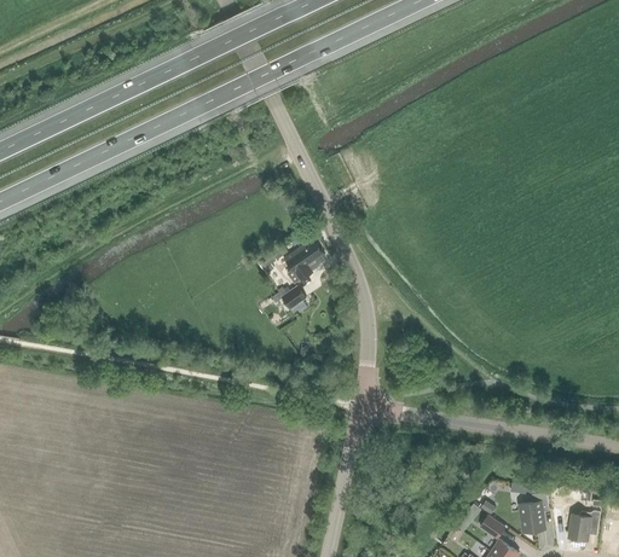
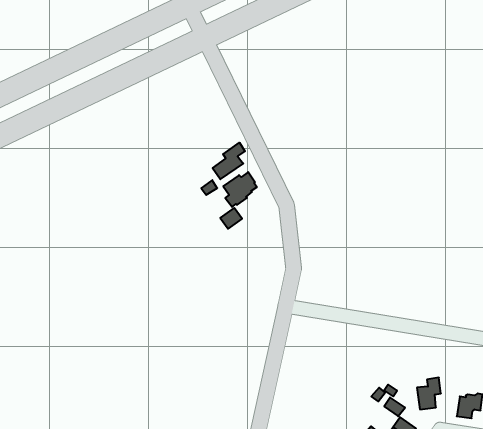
building: none -> [213,143,245,179]

